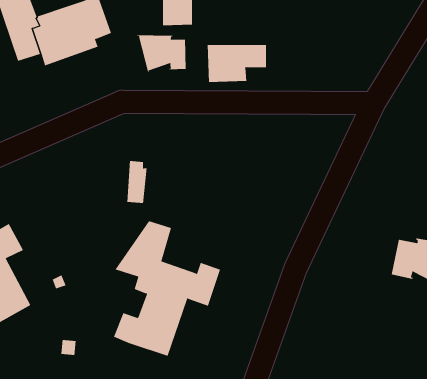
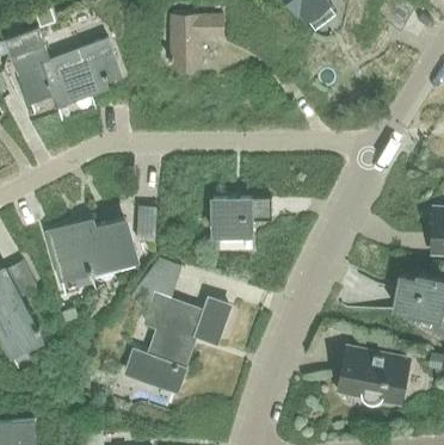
building: [134,35,186,73] -> none
building: [207,44,267,82] -> [212,199,271,236]
building: none -> [45,220,136,284]
building: none -> [338,351,408,406]

